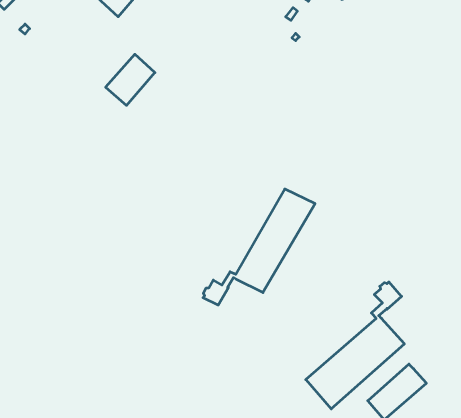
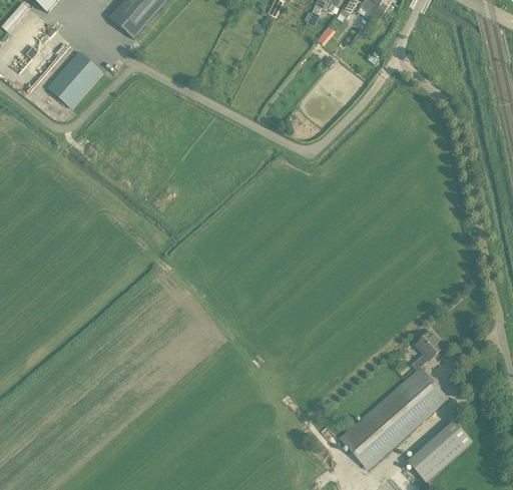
building: [106,54,155,105] -> [48,51,102,107]
building: [203,189,315,305] -> none

